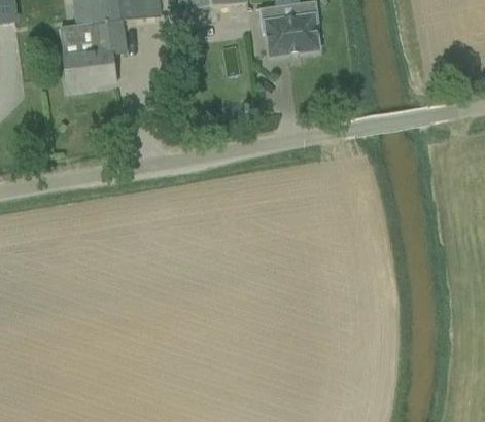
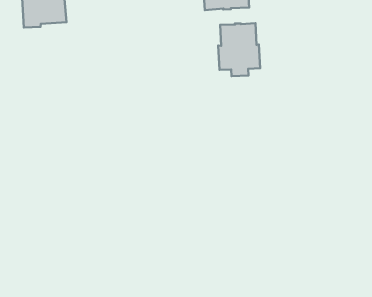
building: none -> [218,23,260,76]

